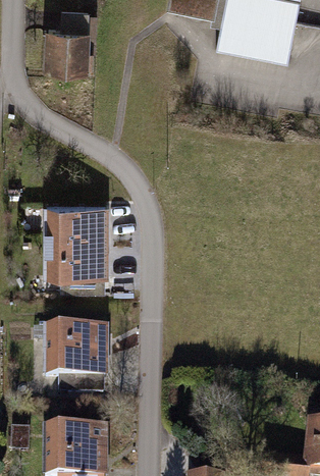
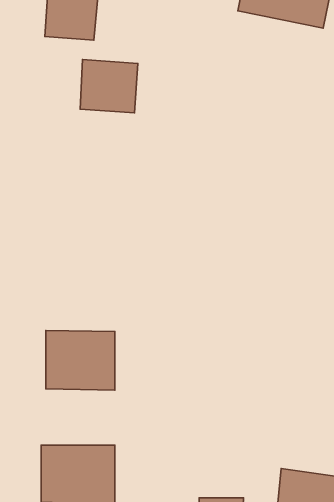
building: none -> [80,60,138,113]
building: [44,203,109,277] -> none

